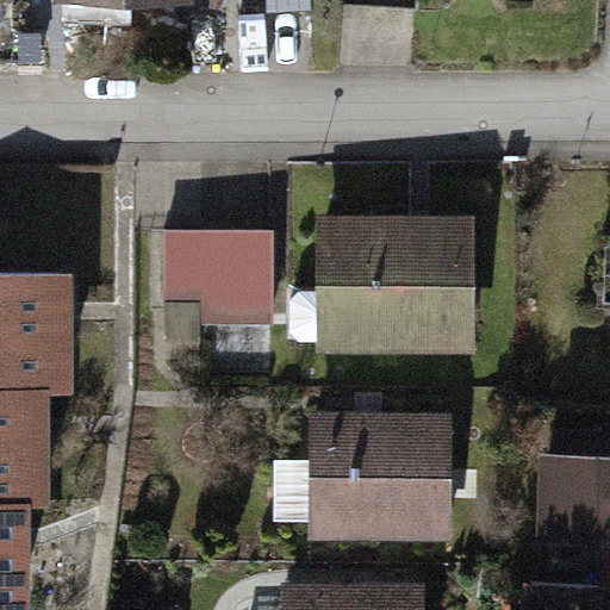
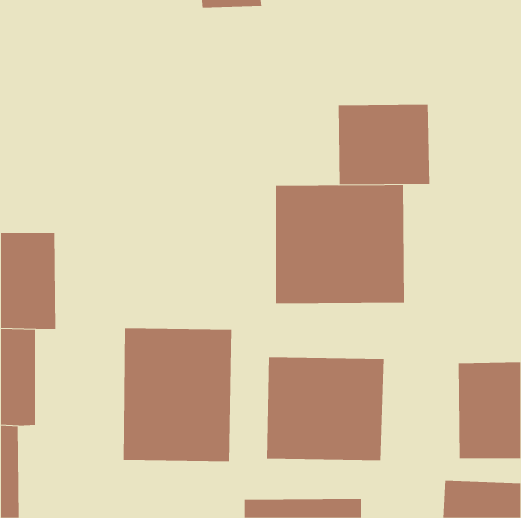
building: none -> [338,104,430,185]
building: [166,230,274,331] -> none
building: none -> [123,327,232,462]

